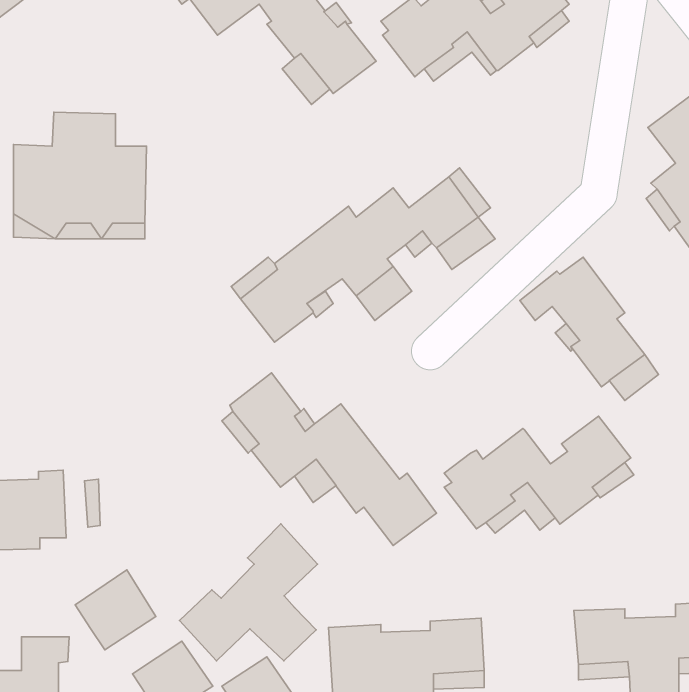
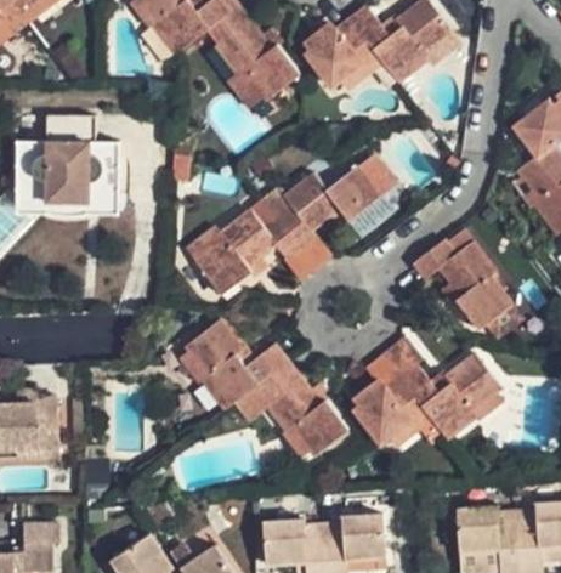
building: none -> [364,336,423,387]
building: [180,524,318,661] -> none
building: [75,570,156,650] -> none

